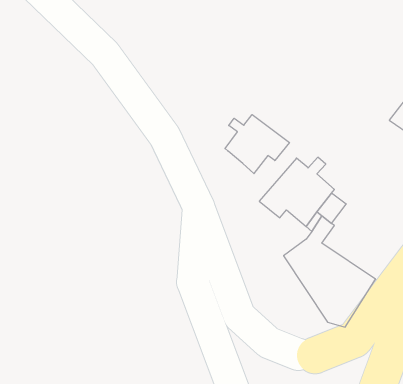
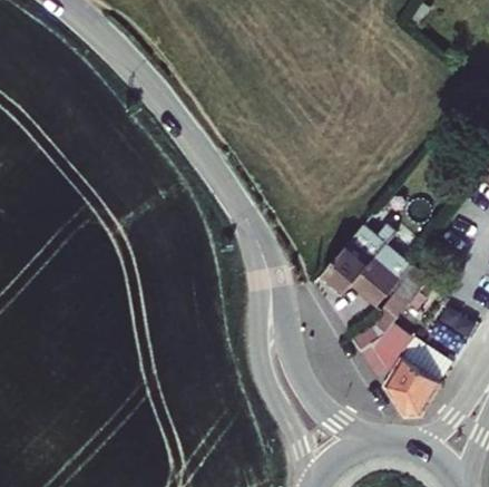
building: [225,115,289,174] -> none

